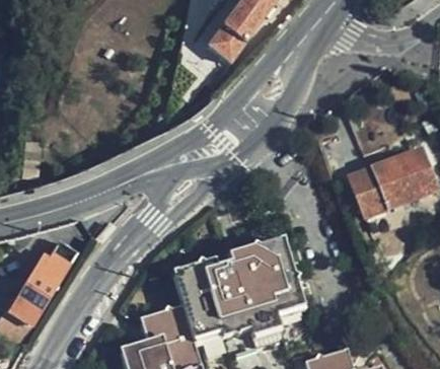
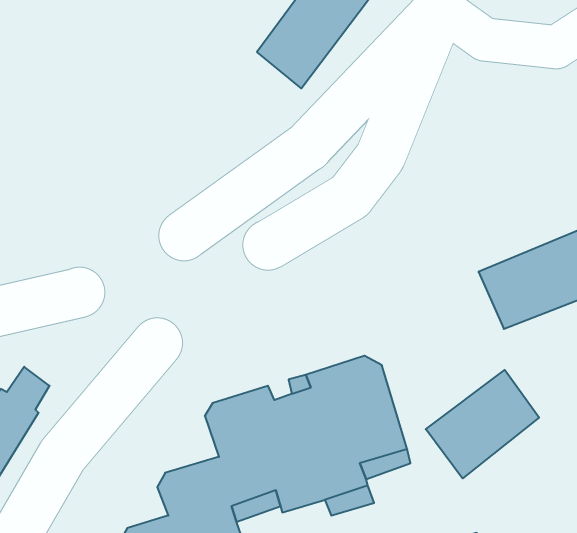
building: none -> [426,370,539,478]

